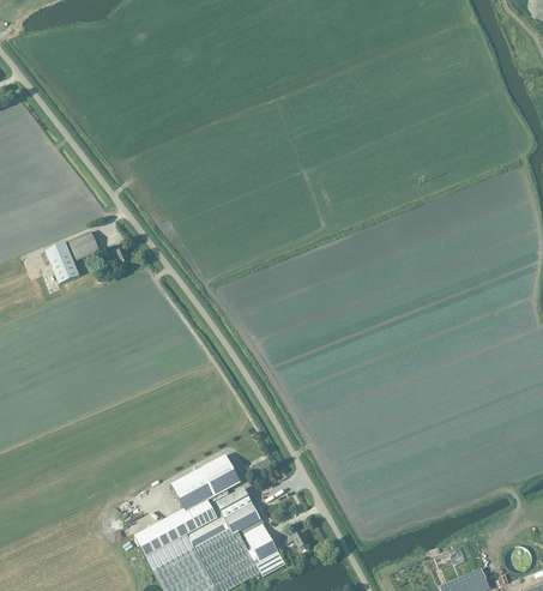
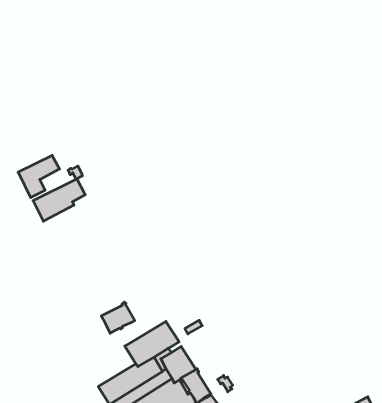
building: none -> [33,179,85,221]
building: none -> [101,302,135,333]

